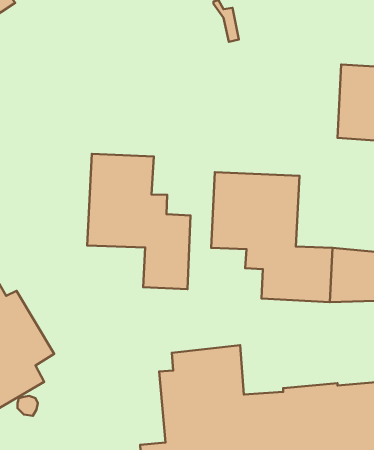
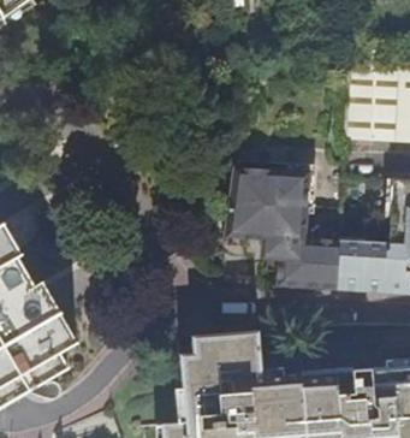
building: [87,154,190,289] -> none

